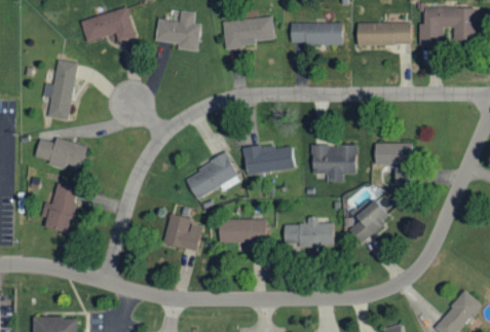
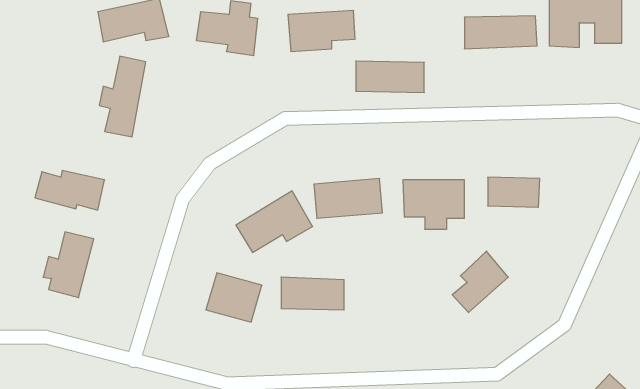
building: [291,22,342,45] -> [356,61,424,93]
building: [43,60,78,120] -> [99,56,146,137]
building: [285,217,333,246] -> none

